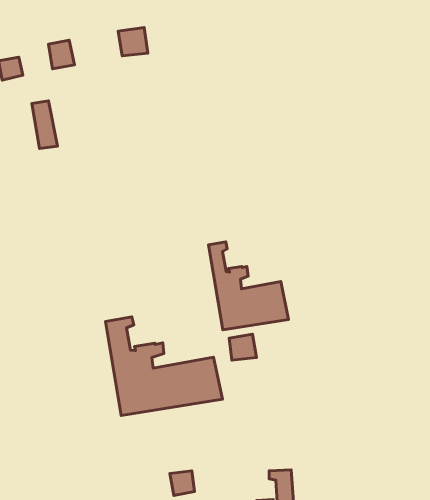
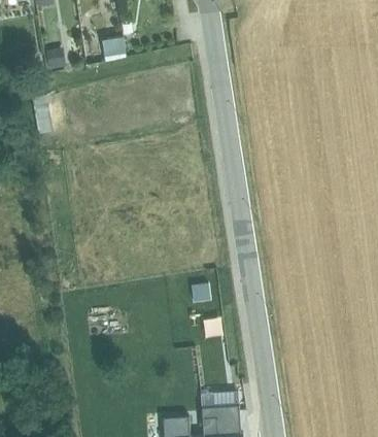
building: [209,242,288,330] -> none
building: [105,317,222,415] -> none

